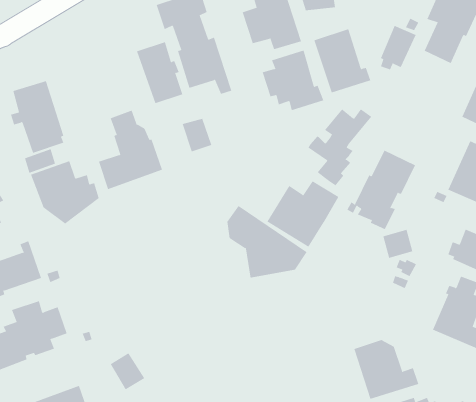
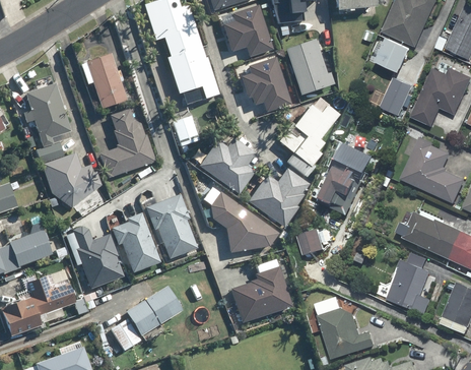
building: [380,25,417,70] -> [383,77,414,116]
building: [136,42,183,104] -> [85,54,126,108]
building: none -> [200,137,256,193]
building: none -> [145,193,198,259]
building: [383,229,413,258] -> [299,230,326,255]
building: none -> [112,212,161,272]
building: none -> [62,227,121,291]
building: none -> [227,266,291,324]
building: none -> [125,286,182,335]

